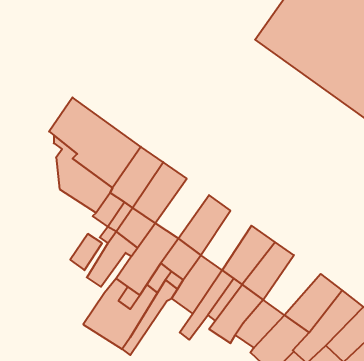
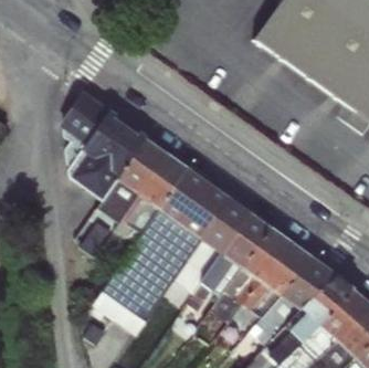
building: none -> [160,169,211,225]
building: none -> [203,199,251,255]
building: none -> [262,241,316,297]

